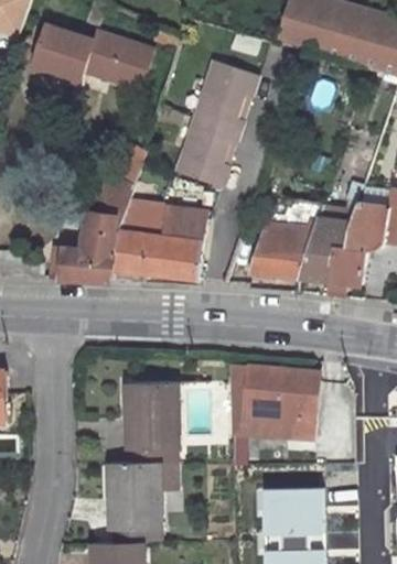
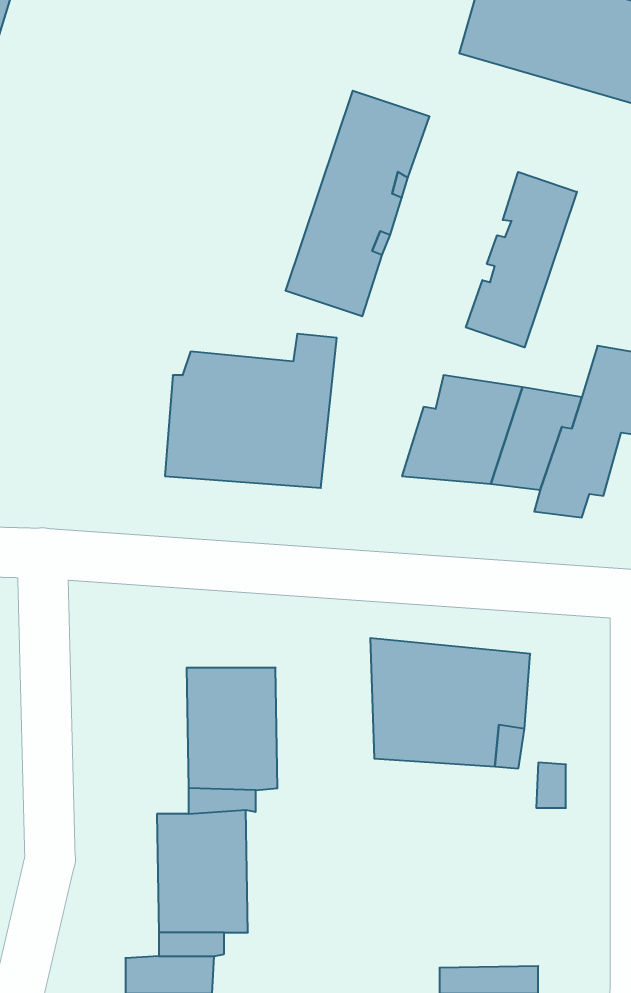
building: [35,22,154,87] -> none
building: none -> [466,172,577,347]
building: [50,142,146,283] -> none
building: [264,486,323,533] -> none

